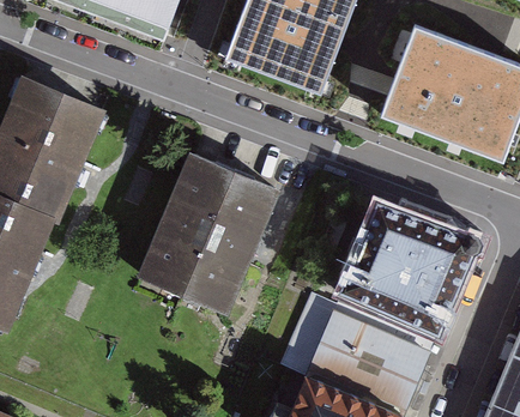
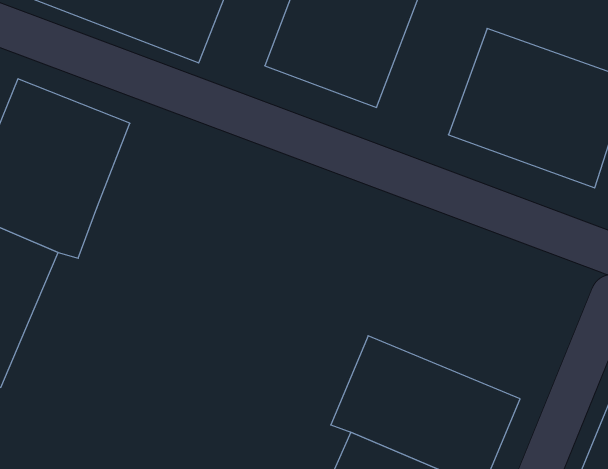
building: [140,155,272,309] -> none
building: [338,199,477,327] -> none

